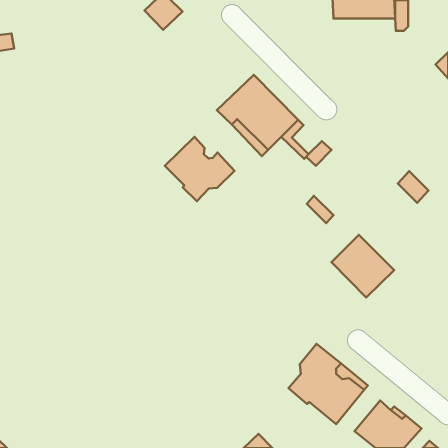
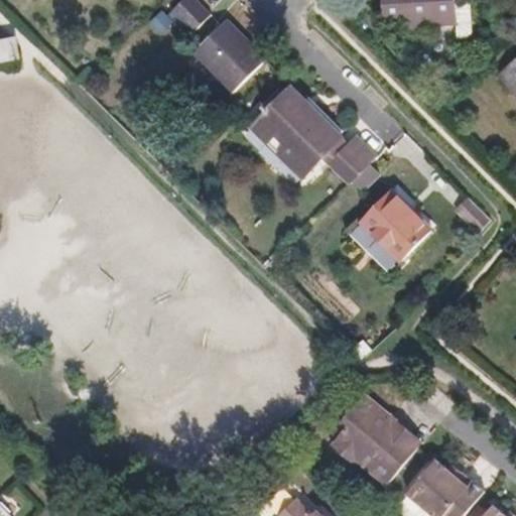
building: none -> [194,20,264,90]
building: none -> [334,136,374,176]
building: [165,137,235,201] -> none
building: [332,235,394,298] -> [359,188,430,260]

